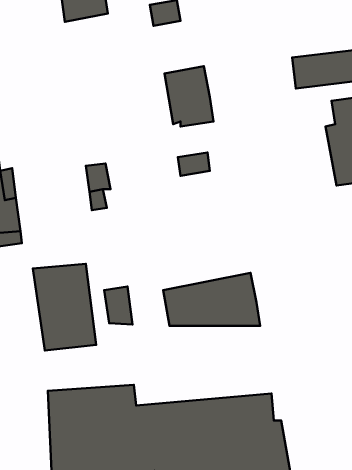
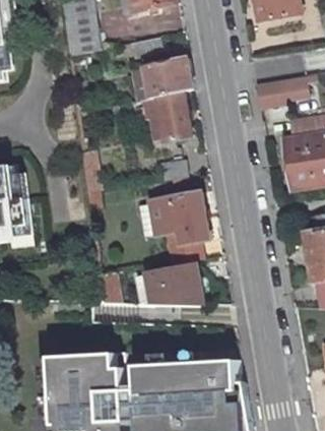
building: none -> [143,57,191,96]
building: none -> [135,190,208,263]
building: [33,264,96,351] -> none

